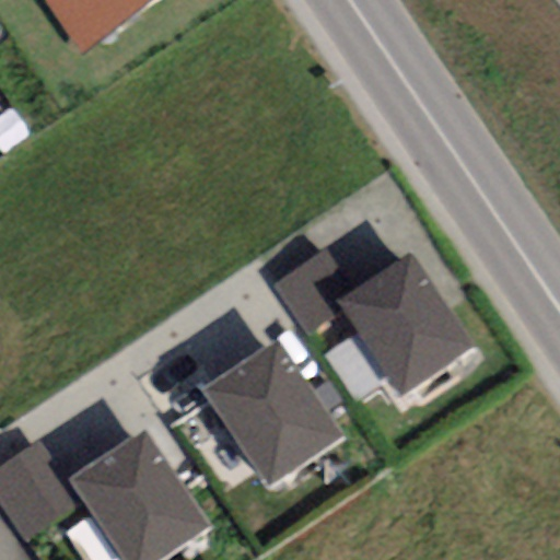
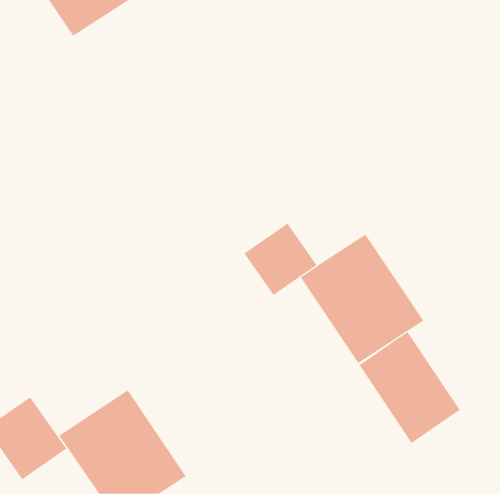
building: [206,340,343,485] -> none
building: none -> [359,331,460,444]

